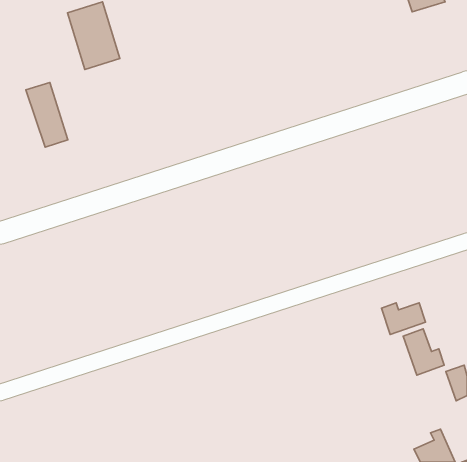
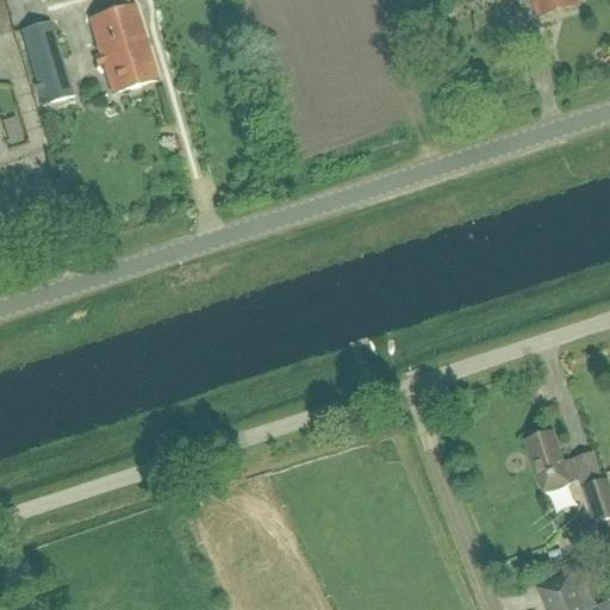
building: [26,82,68,147] -> [18,19,73,104]
building: [381,303,426,334] -> none

